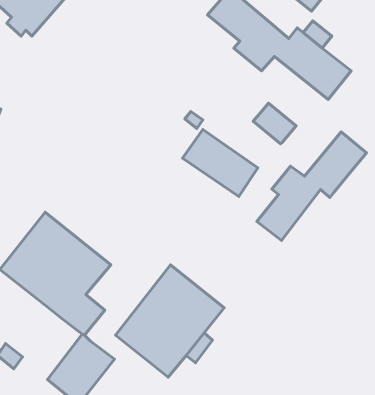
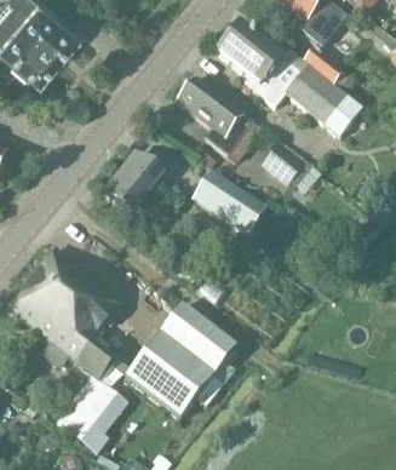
building: none -> [177,76,253,155]
building: none -> [105,154,159,211]
building: [257,132,366,241] -> none

